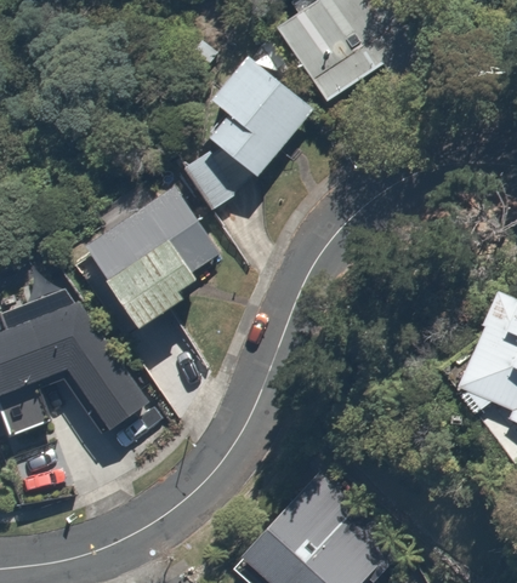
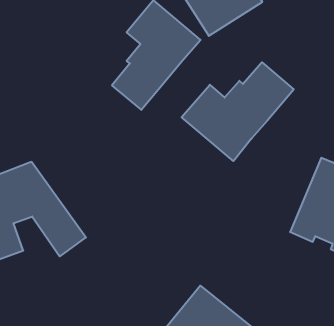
building: none -> [182,62,294,161]
building: [83,190,218,326] -> none

